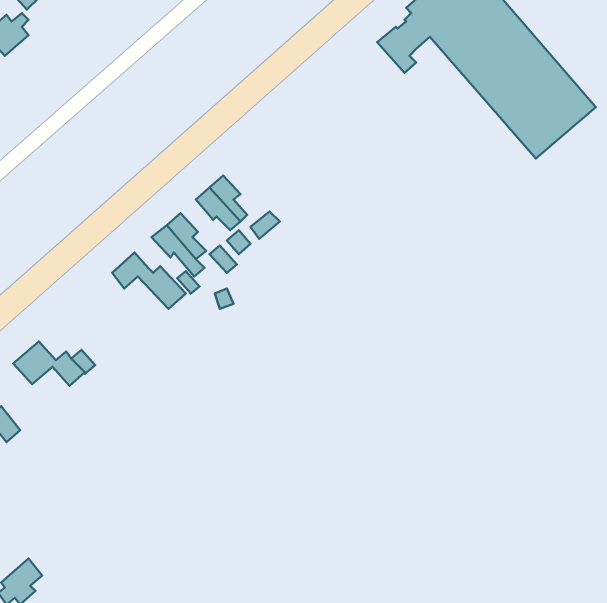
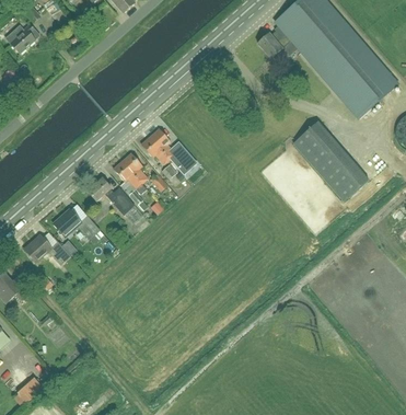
building: none -> [293,120,369,200]
building: none -> [54,208,101,238]

